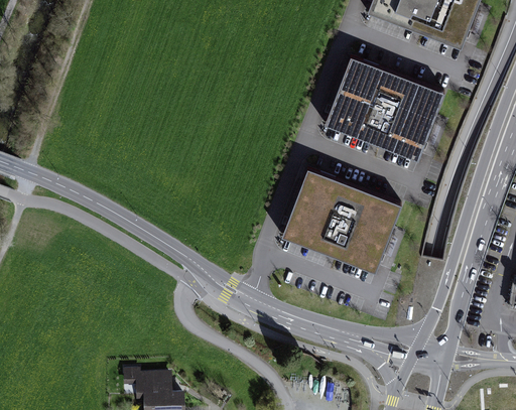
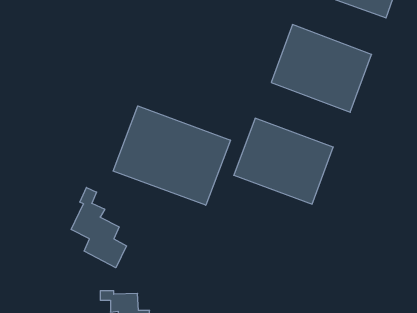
building: none -> [113,106,230,205]
building: none -> [71,187,127,268]

